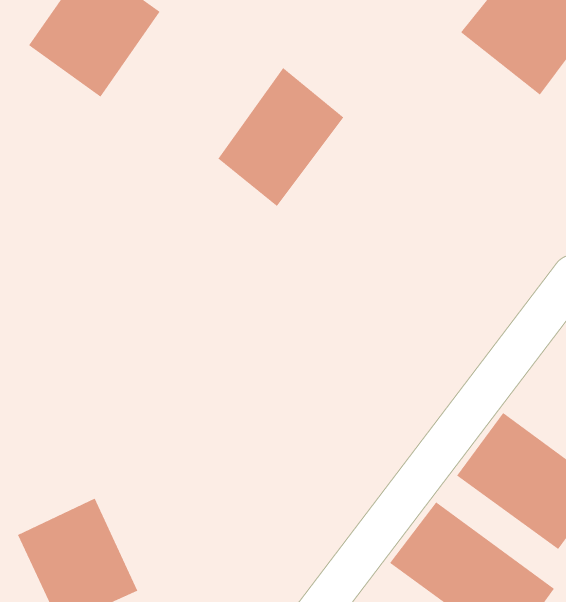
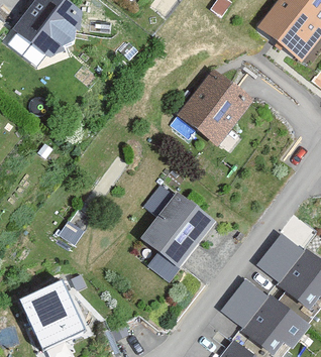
building: [218,67,344,207] -> [184,71,252,146]
building: none -> [136,189,214,268]

